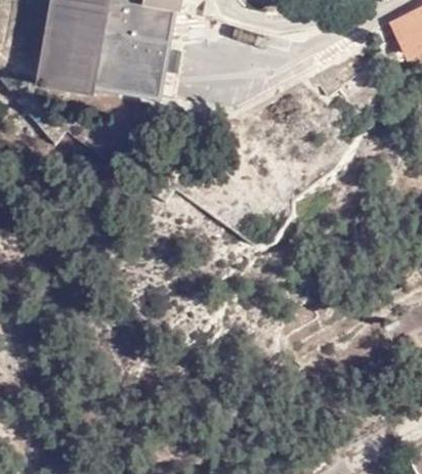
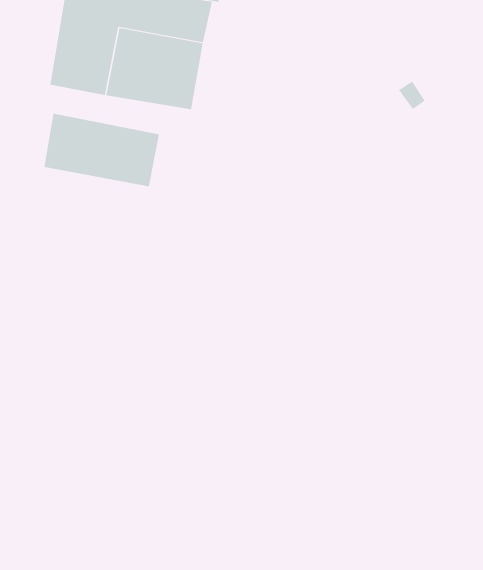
building: none -> [44,113,160,187]

